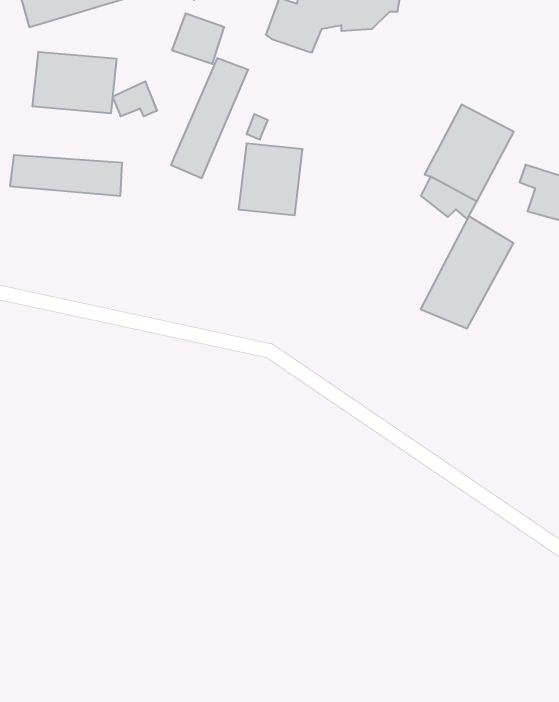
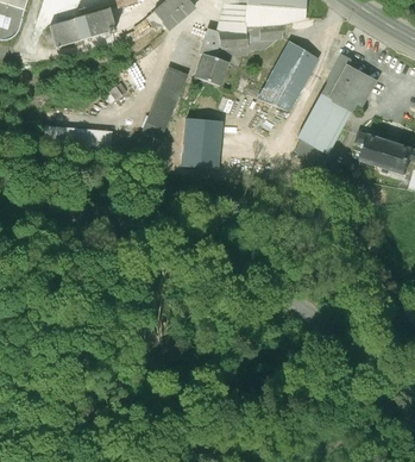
building: [172,13,224,64] -> [195,54,227,85]
building: none -> [320,54,373,111]
building: [33,52,117,113] -> none
building: [421,216,514,328] -> [259,40,316,110]

